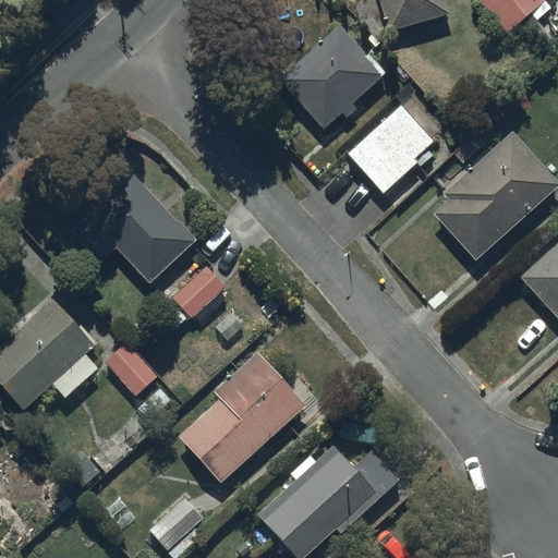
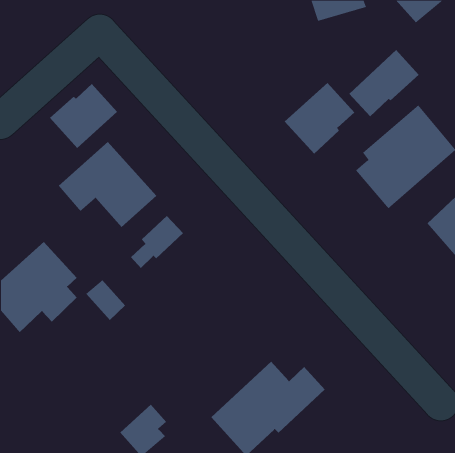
building: [282,26,385,128] -> none
building: none -> [349,49,420,117]
building: none -> [49,83,118,149]
building: [179,353,304,480] -> none

